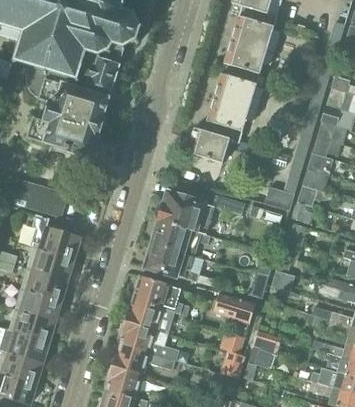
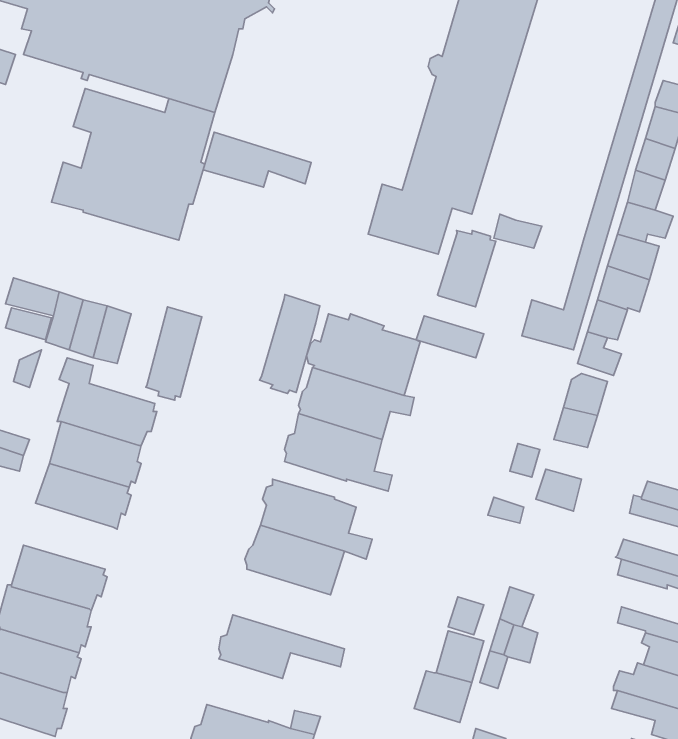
building: none -> [203,132,311,187]
building: none -> [437,231,496,307]
building: none -> [260,295,320,393]
building: none -> [146,307,202,400]
building: [14,287,61,320] -> none
building: [214,290,255,323] -> none
building: [119,320,178,360] -> none
building: [106,365,144,397] -> none

